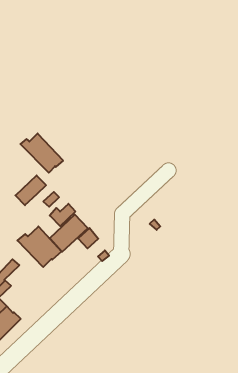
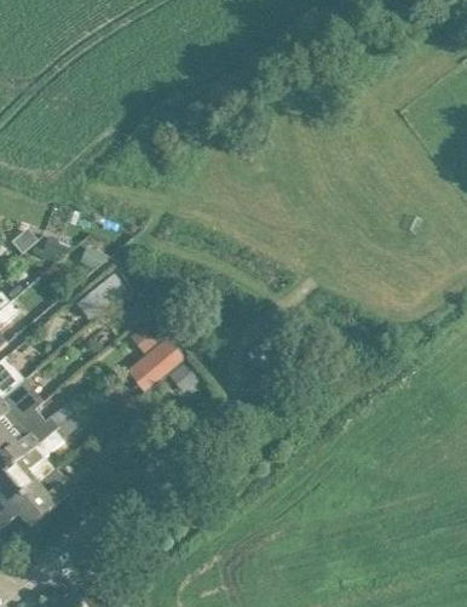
building: [20,133,63,173] -> none
building: [17,226,61,267] -> none

